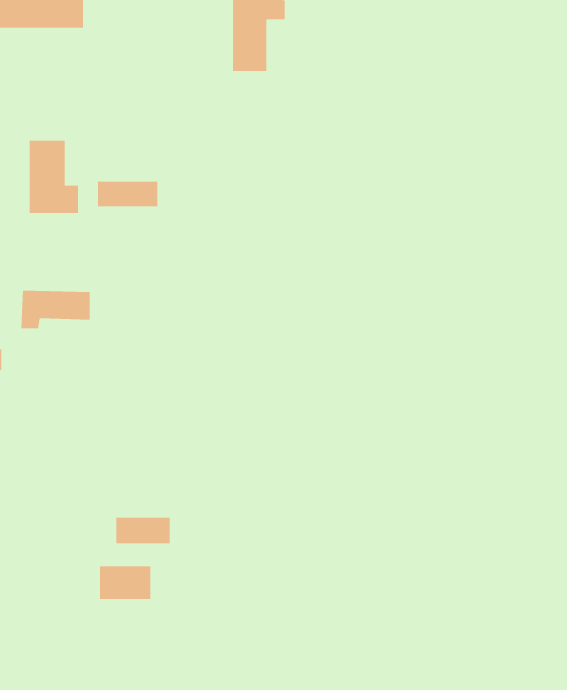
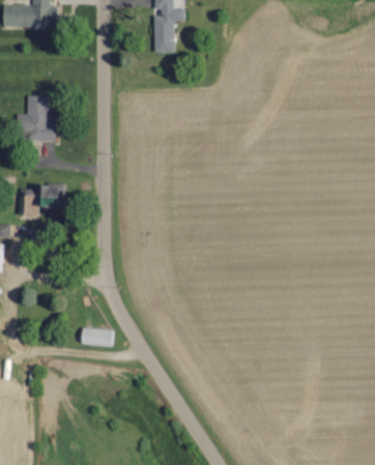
building: [98,181,158,207] -> none
building: [100,566,151,600] -> none

